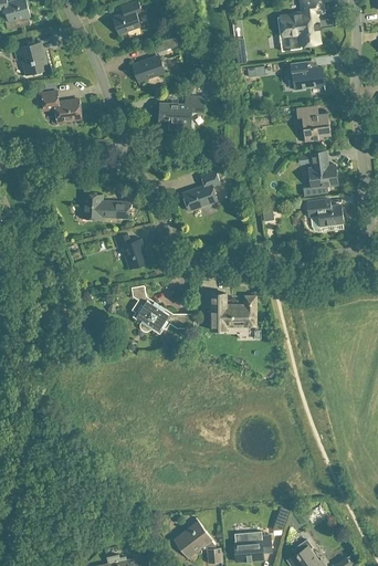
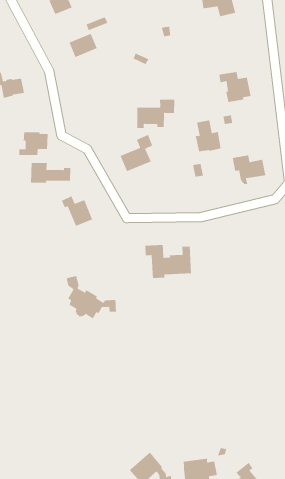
building: [290,61,324,91] -> none
building: [158,95,202,127] -> [136,99,175,129]
building: [307,150,336,186] -> [195,120,221,152]
building: none -> [18,132,49,156]
building: [130,284,185,334] -> [66,275,117,319]

